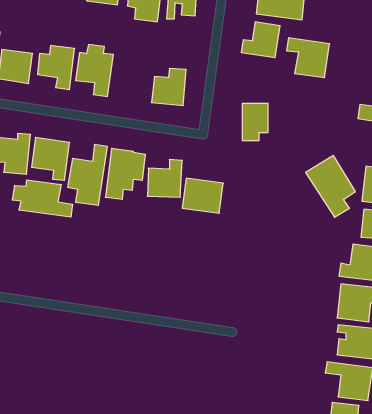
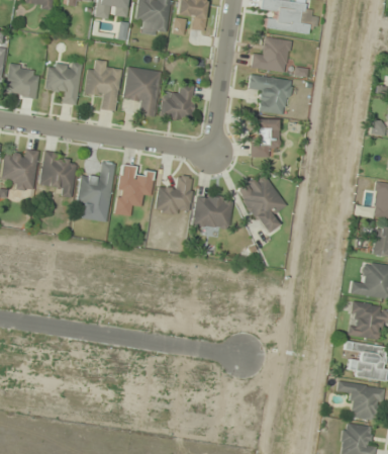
building: [287,38,330,78] -> [249,74,292,114]
building: none -> [123,67,161,116]
building: [306,155,355,217] -> [235,171,286,234]
building: [12,180,72,217] -> none

